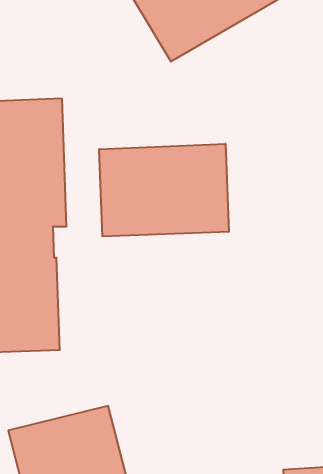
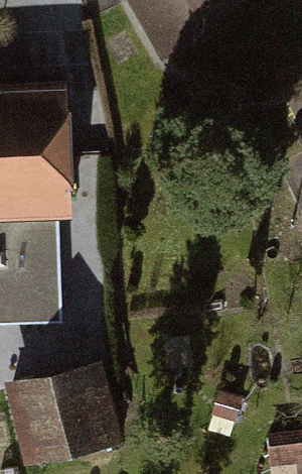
building: [99,144,229,236] -> none

